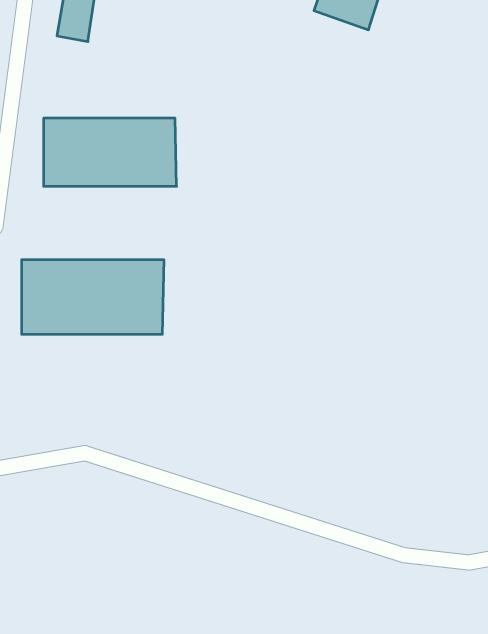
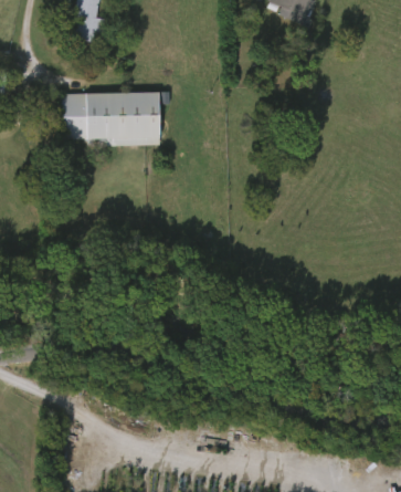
building: [22,260,164,334] -> none

